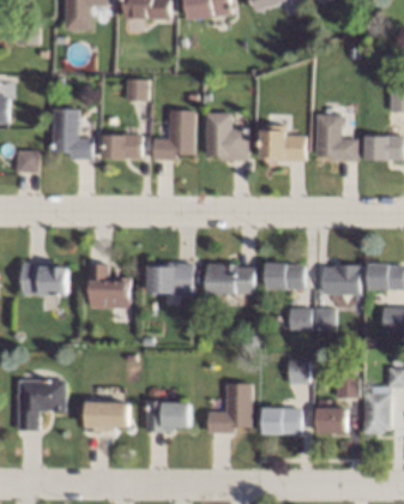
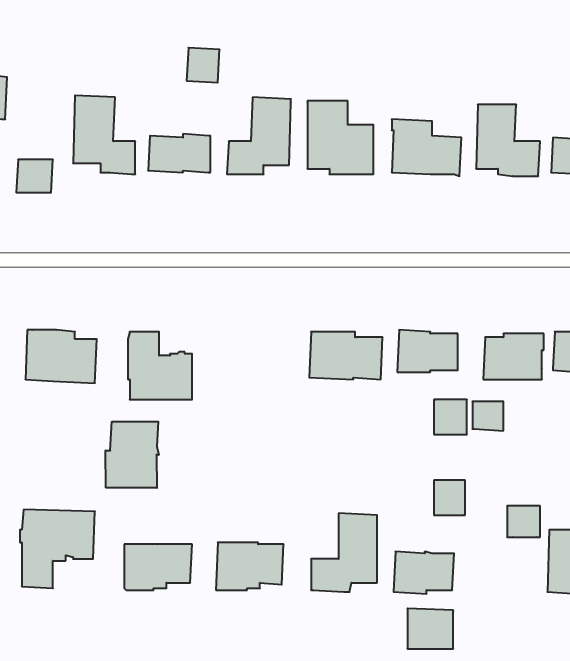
building: [147,262,193,295] -> none
building: none -> [106,422,159,488]
building: [315,407,345,433] -> [407,608,453,649]

